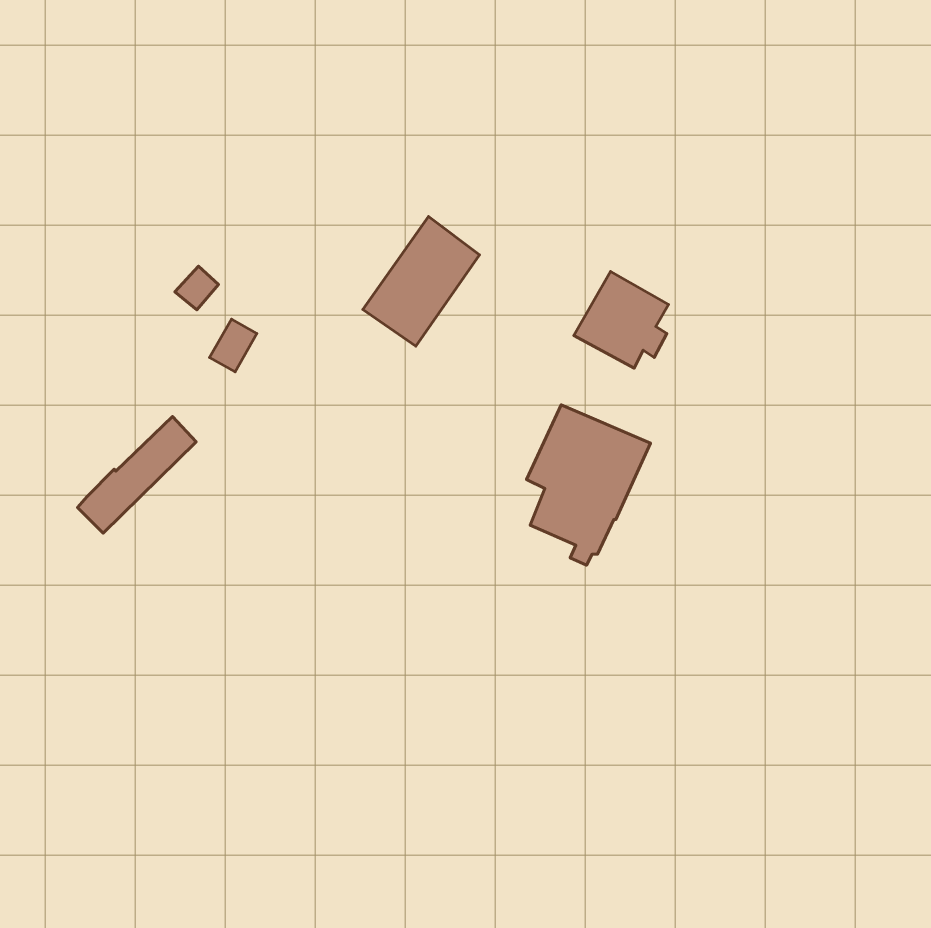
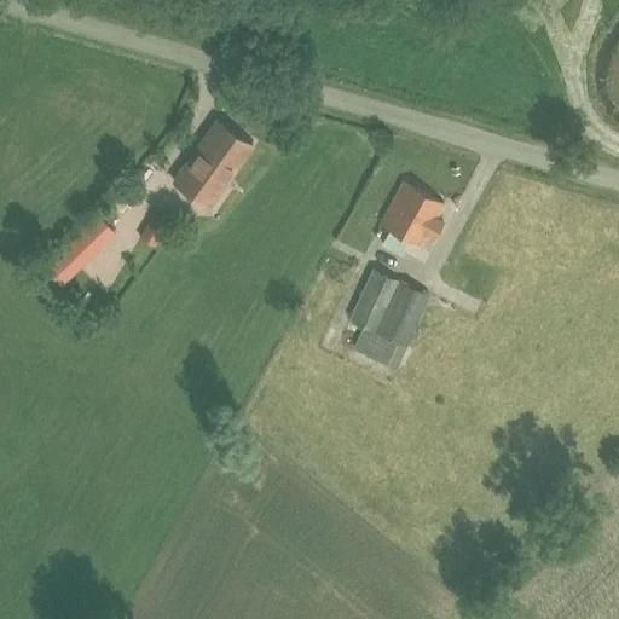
building: [363,217,480,346] -> [174,121,251,207]
building: [78,416,196,533] -> [36,216,115,294]

